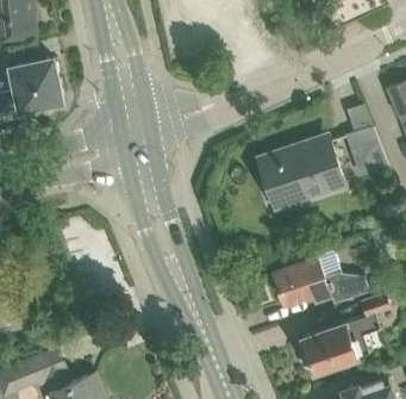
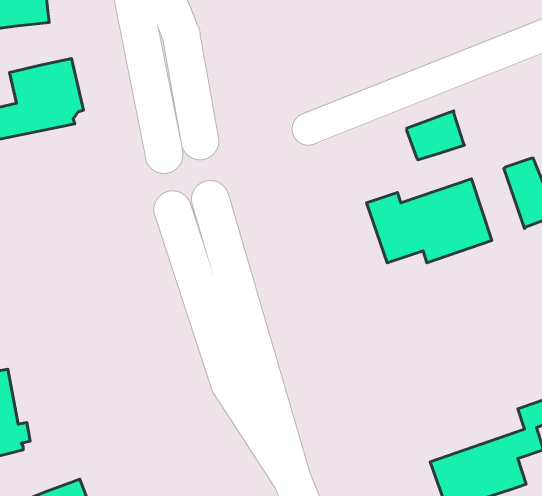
building: none -> [407,111,465,160]
building: [274,251,369,305] -> none

